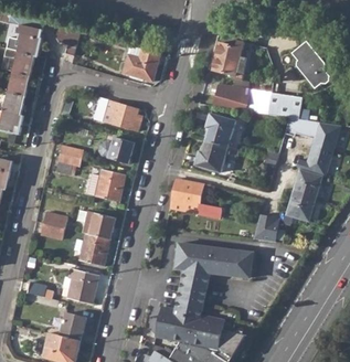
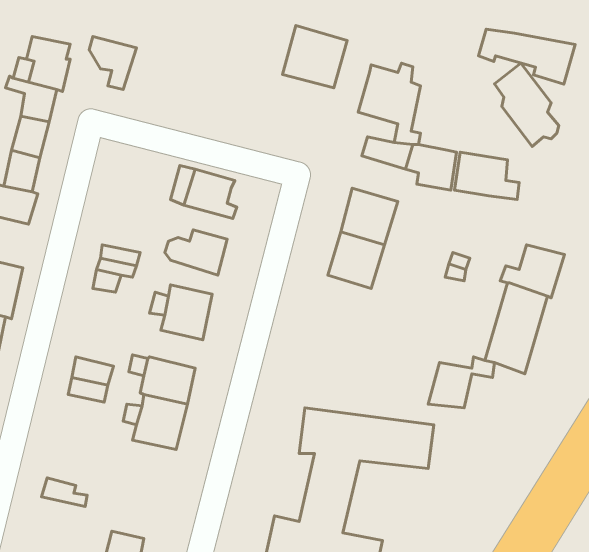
building: [124,45,161,82] -> [283,25,347,88]
building: [283,118,339,150] -> [479,29,575,84]
building: [168,179,221,219] -> none
building: [68,269,99,304] -> none

